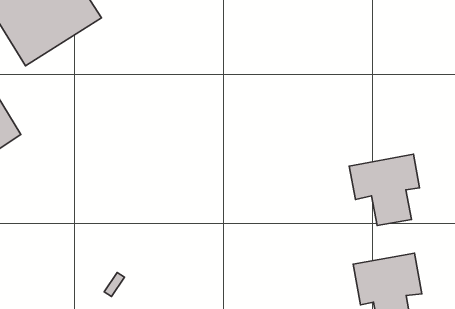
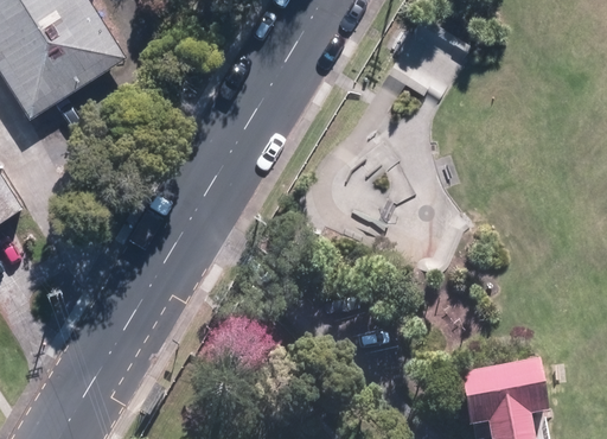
building: [349,154,420,225] -> none

